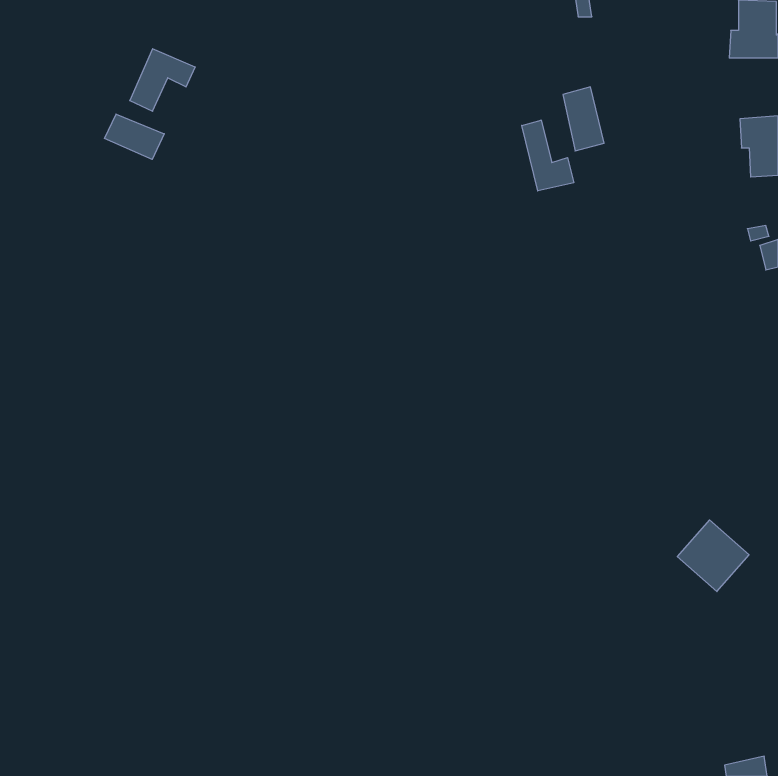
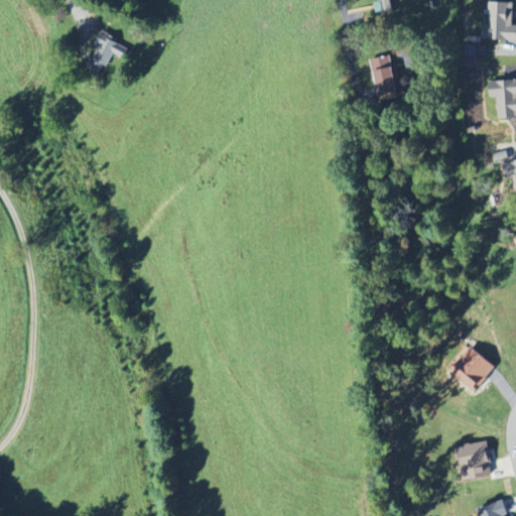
building: [104,114,164,159] -> none
building: [522,120,574,191] -> none
building: none -> [456,439,494,479]

